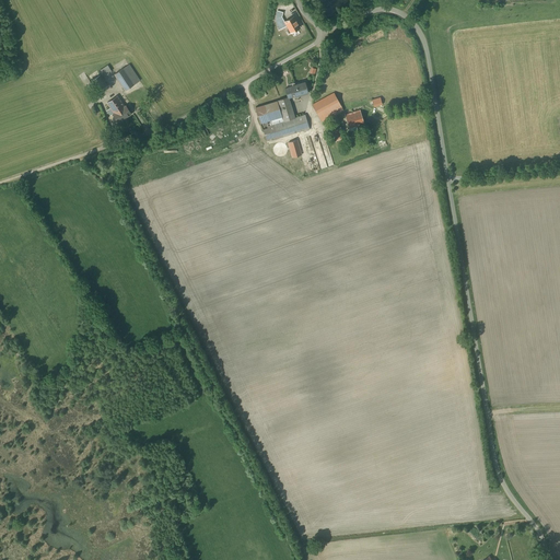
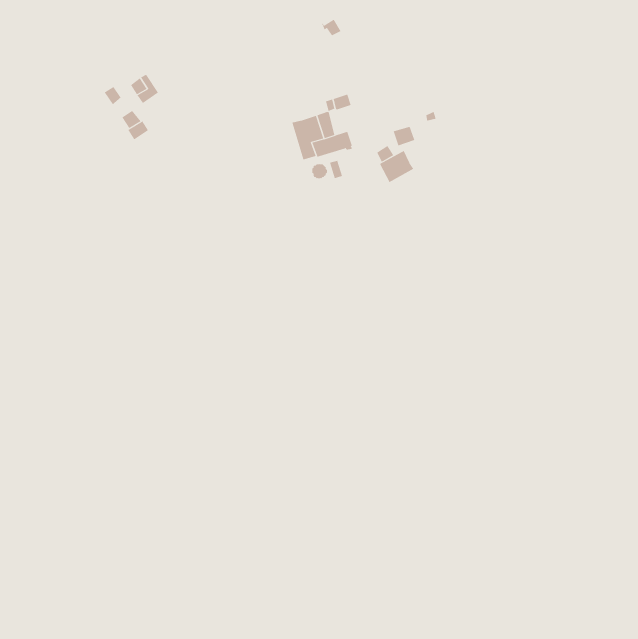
building: [312,93,342,121] -> [379,150,414,183]

